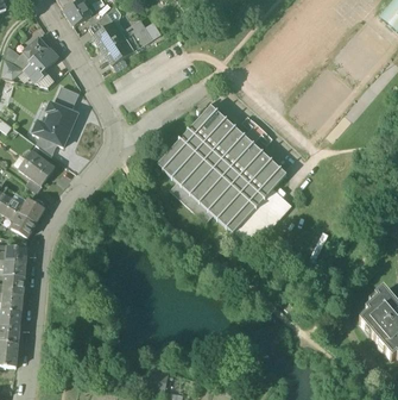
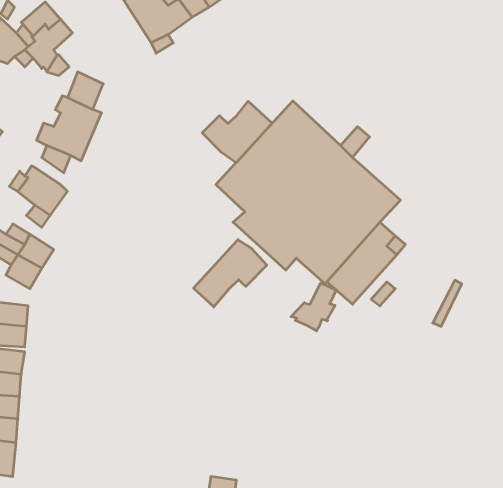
building: none -> [202,101,272,163]
building: none -> [194,240,267,307]
building: none -> [291,283,336,331]

